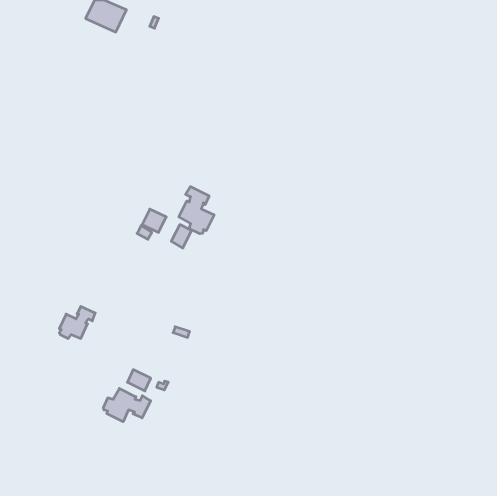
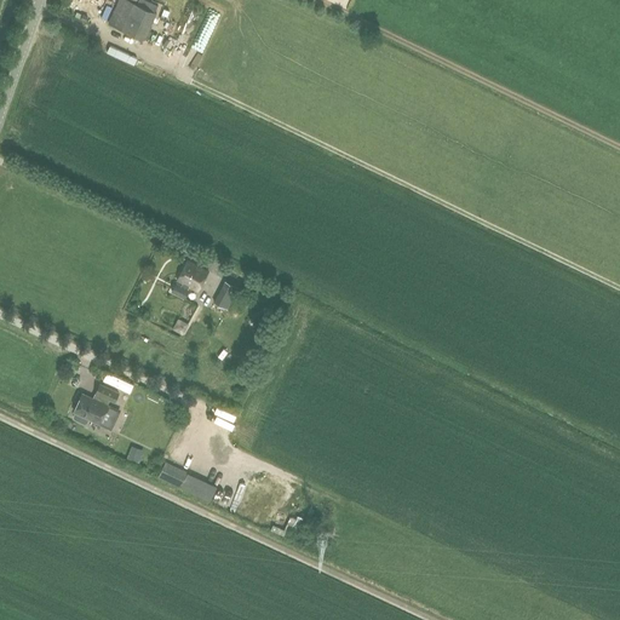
building: [179,187,214,234] -> none
building: [103,388,151,422] -> none

